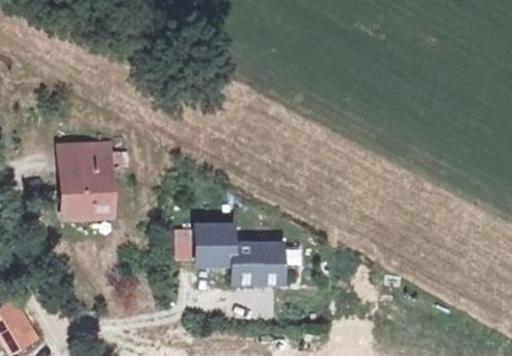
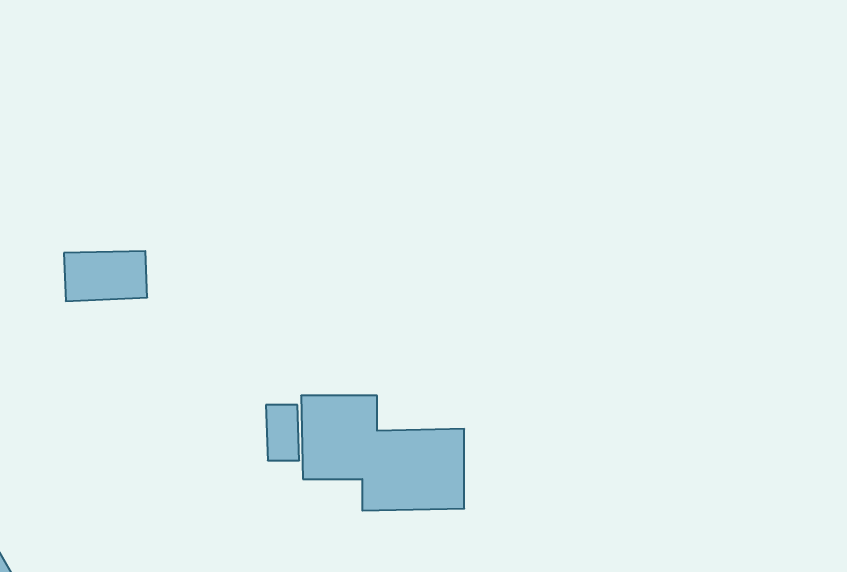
building: [62,169,110,216] -> none

